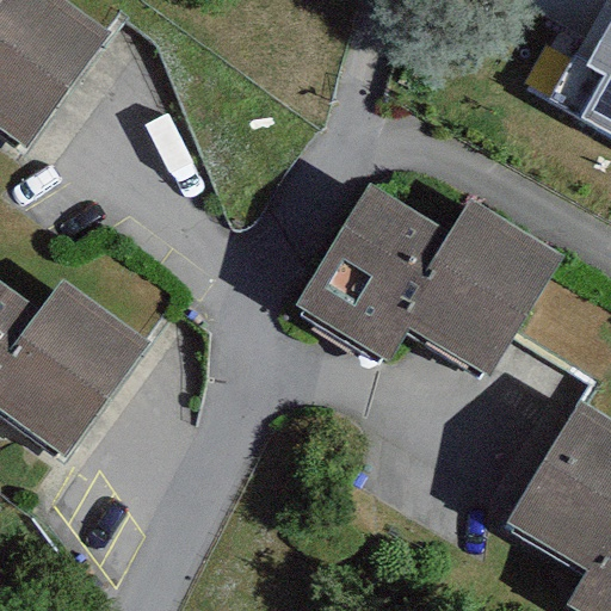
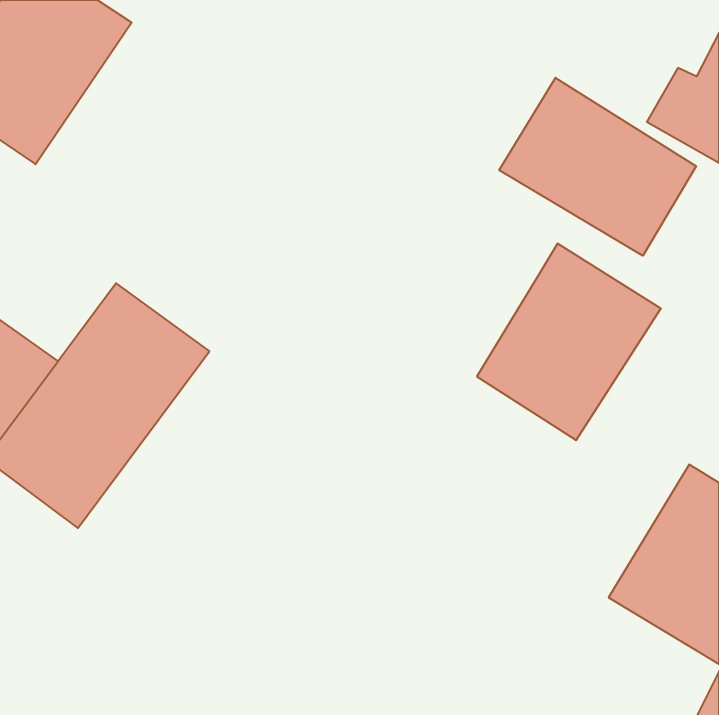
building: none -> [499,78,696,256]
building: [296,185,456,357] -> none

